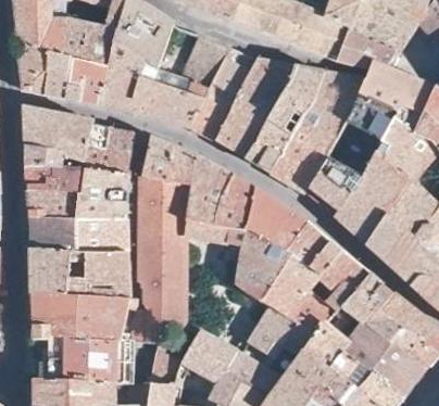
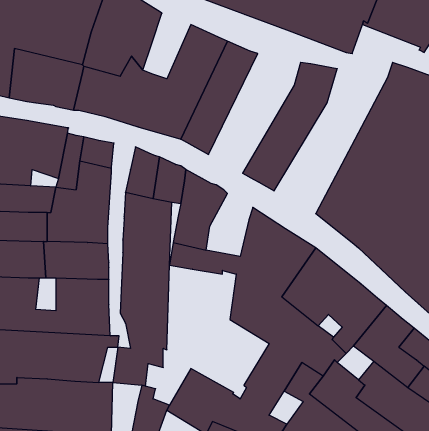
building: [339,30,398,67] -> none
building: [215,55,294,158] -> none
building: [272,68,369,193] -> none
building: [213,176,253,230] -> none

